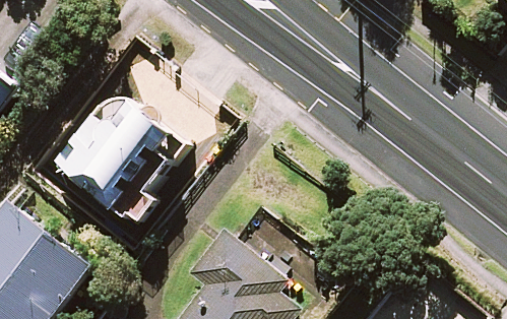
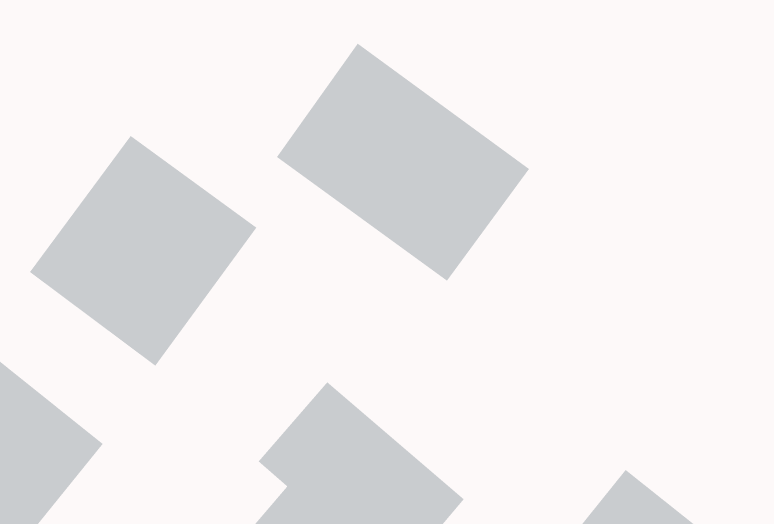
building: none -> [276,43,530,282]

